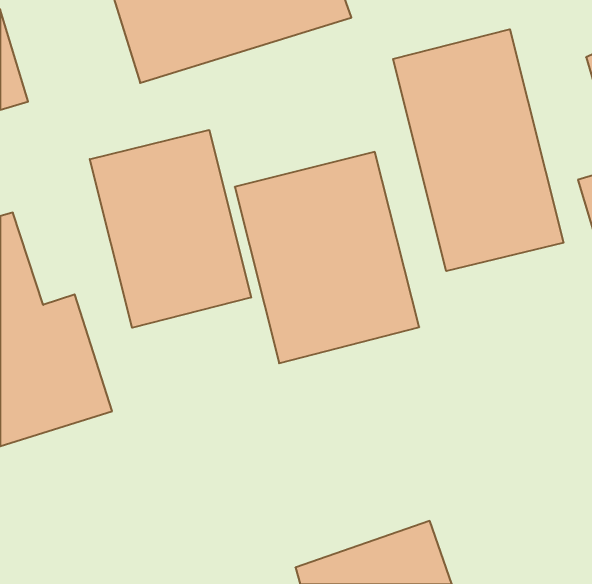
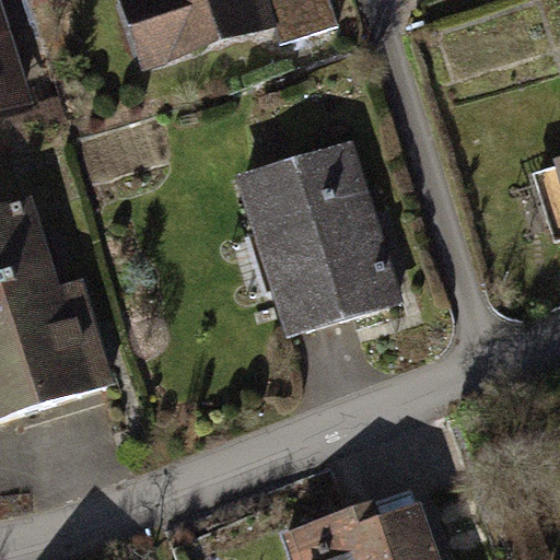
building: [393,29,564,271] -> none
building: [90,130,251,328] -> none

